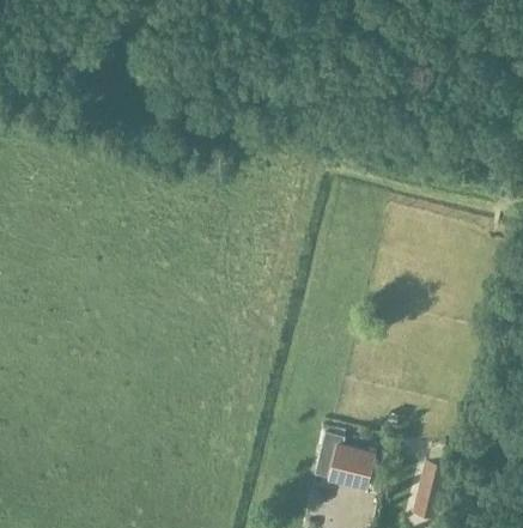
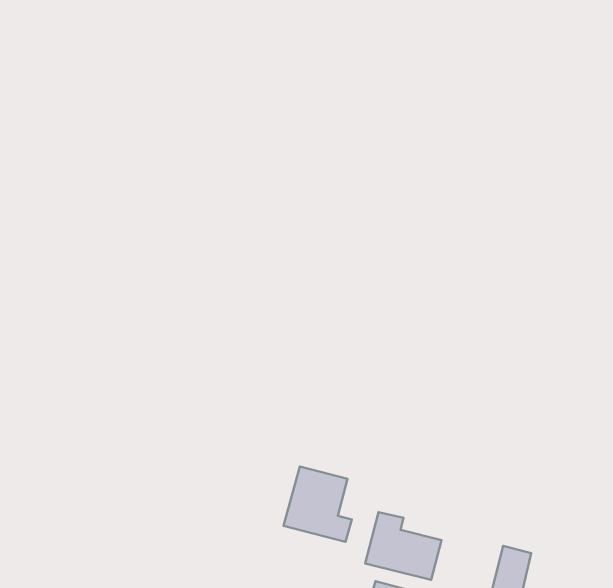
building: none -> [283,467,352,542]

